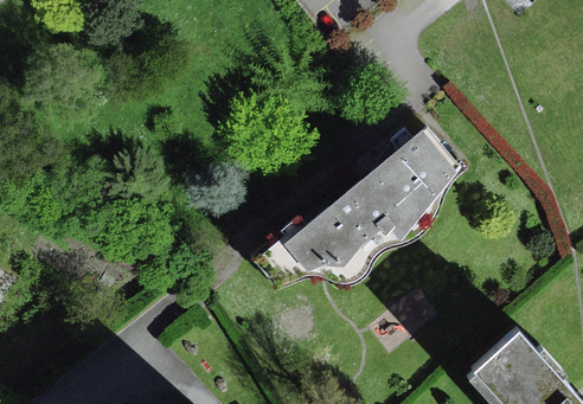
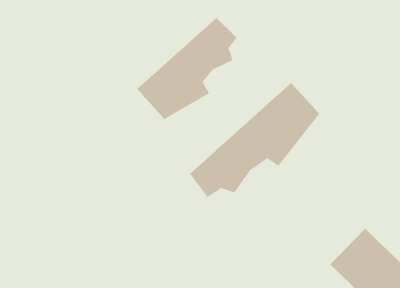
building: none -> [137,17,237,120]

